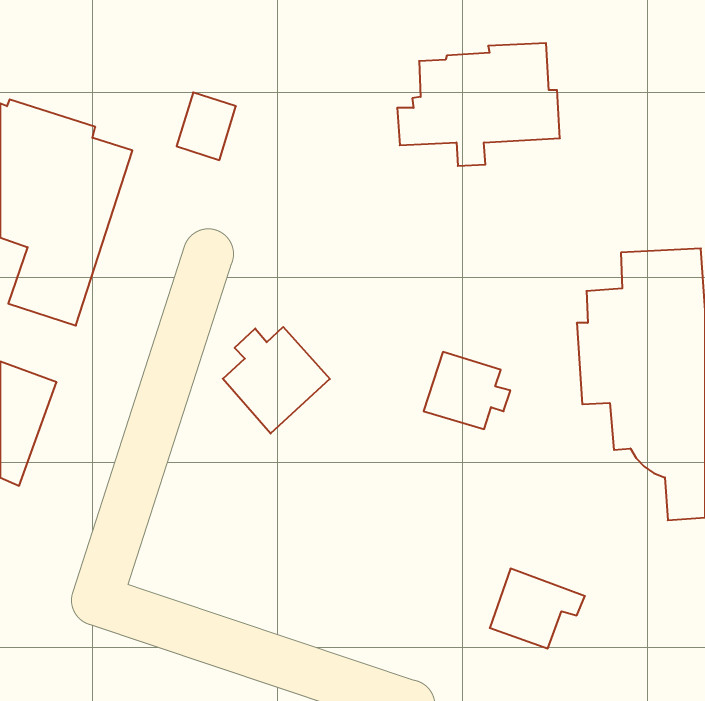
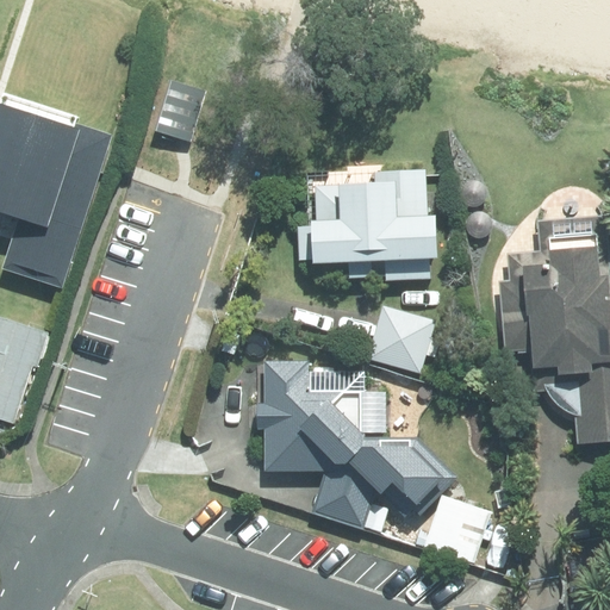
building: [397,43,560,166] -> [294,172,435,278]
building: [223,327,330,434] -> none
building: none -> [254,361,447,531]

